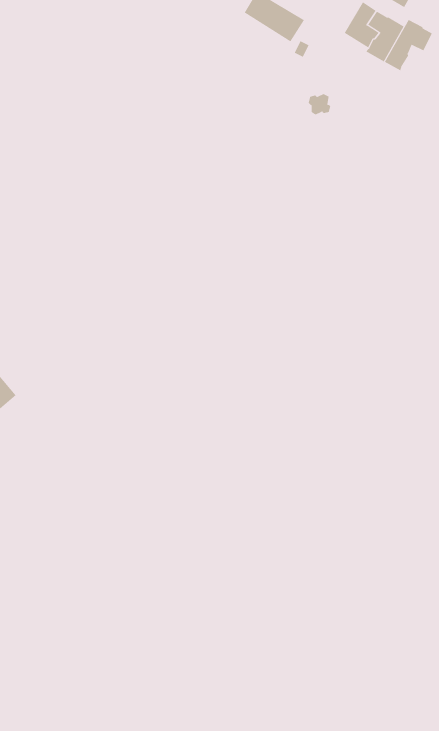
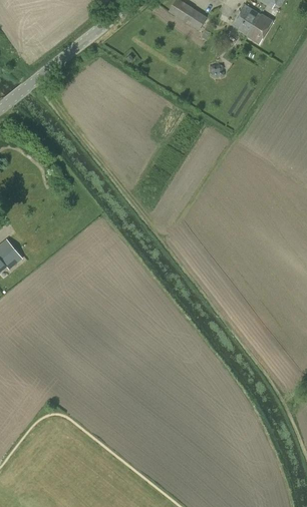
building: [384,19,432,71] -> none

